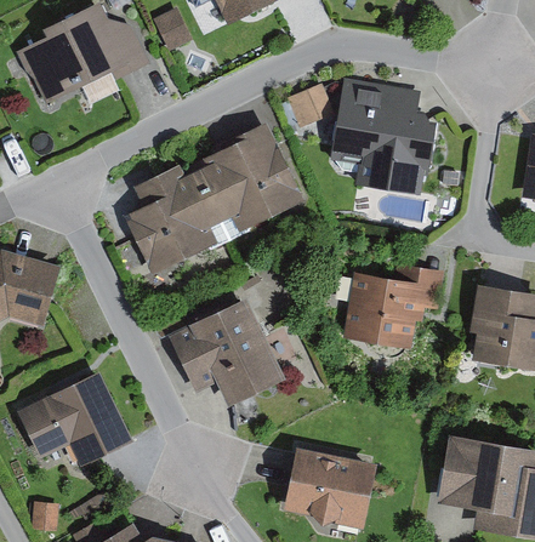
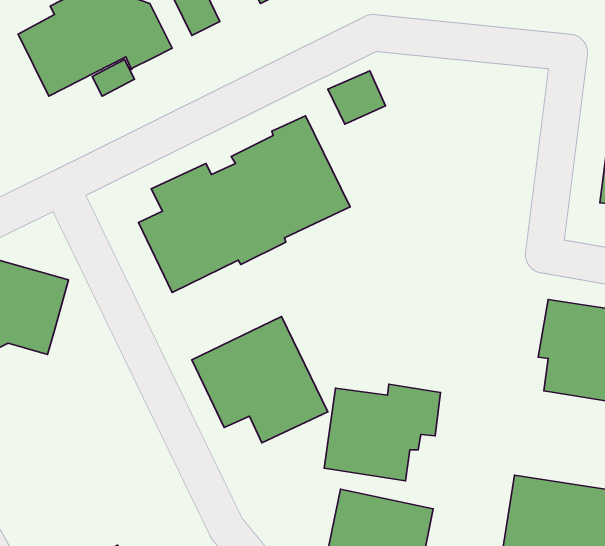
building: [330,80,436,196] -> none
building: [341,267,442,350] -> [324,384,441,481]
building: [16,371,132,467] -> none

